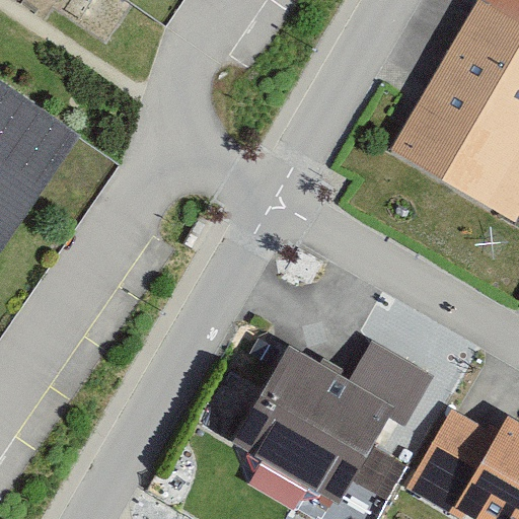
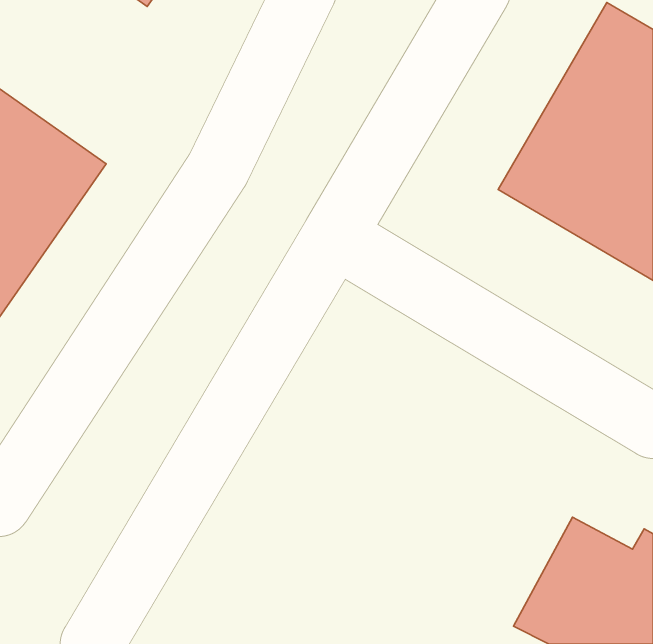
building: [236,345,430,505] -> none

